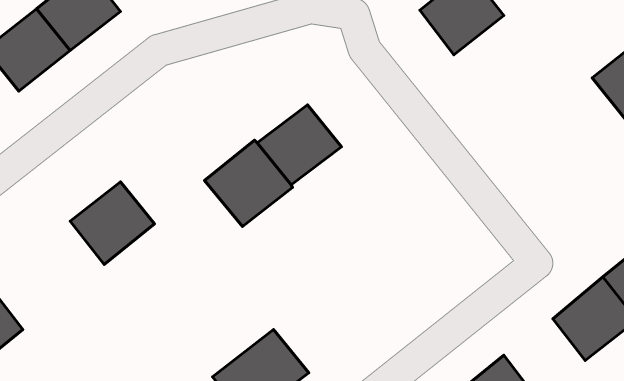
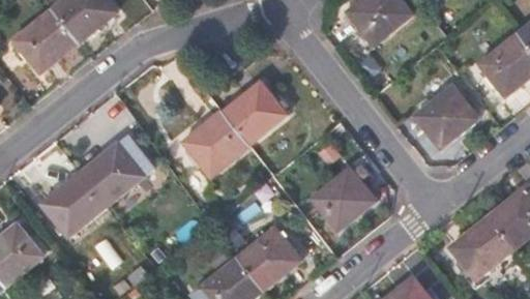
building: none -> [415,85,478,147]
building: none -> [311,167,376,230]
building: none -> [42,173,107,236]
building: none -> [236,227,300,289]

